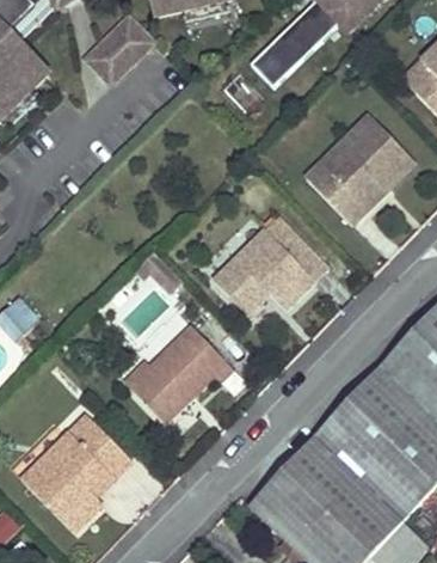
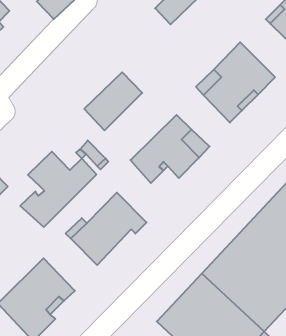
building: none -> [84,72,142,130]
building: none -> [20,152,96,227]

